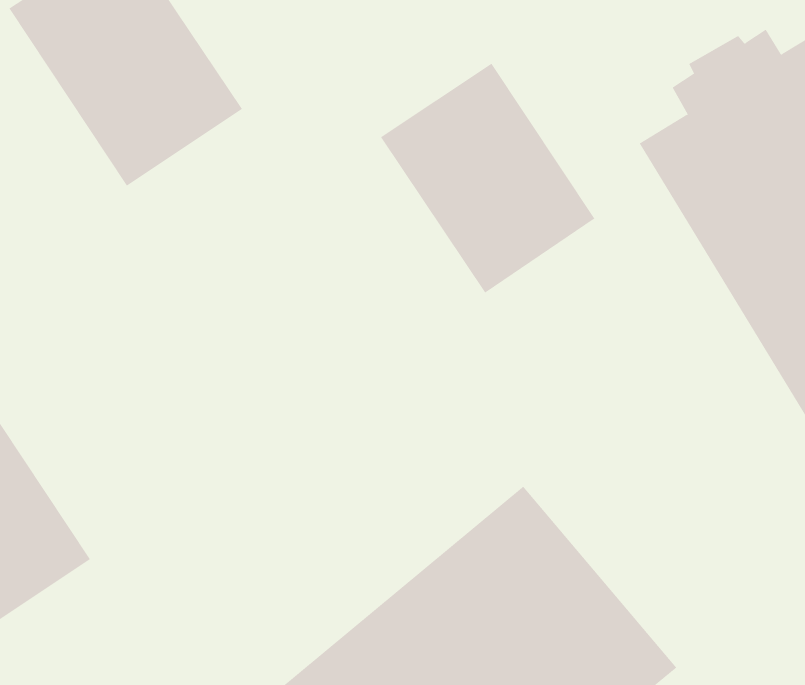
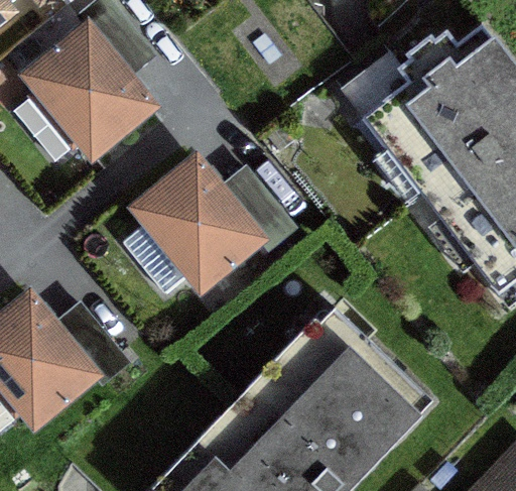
building: [380,63,595,293] -> none
building: none -> [131,153,267,292]

